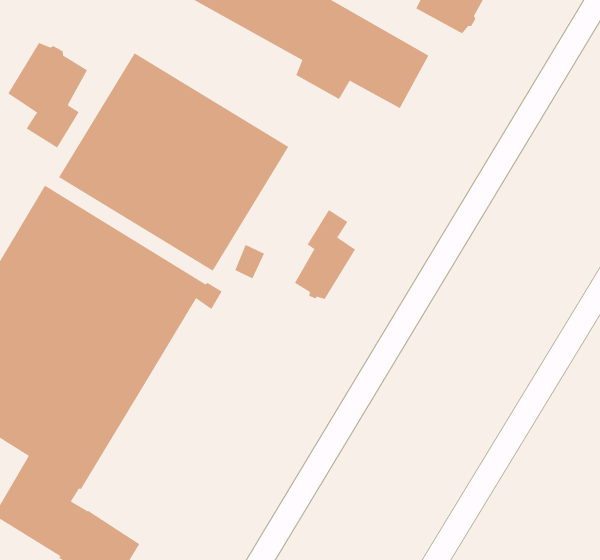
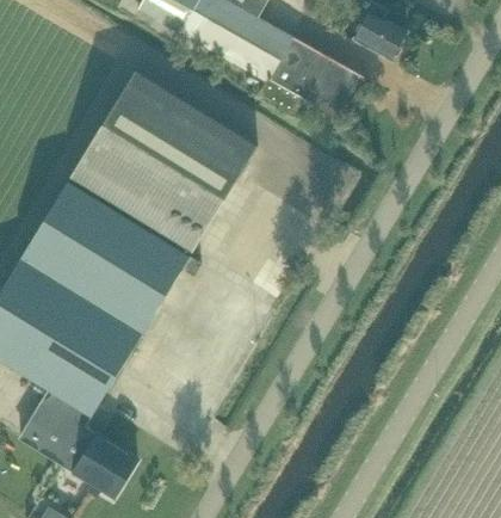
building: [7,42,88,148] -> none
building: [294,209,356,300] -> none

